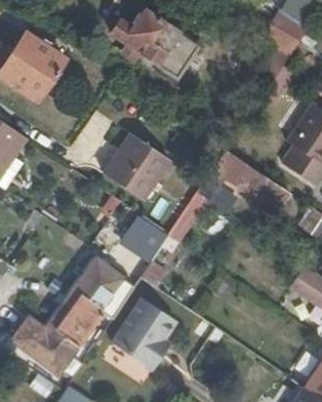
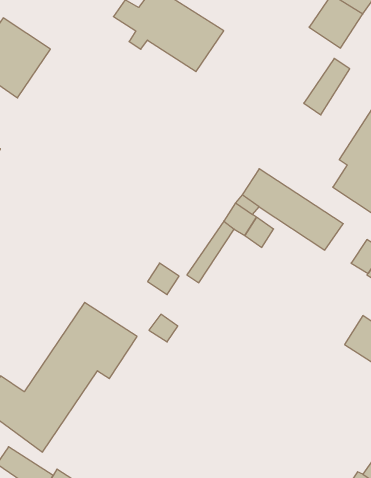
building: [99,129,165,195] -> none
building: [120,305,186,377] -> none

